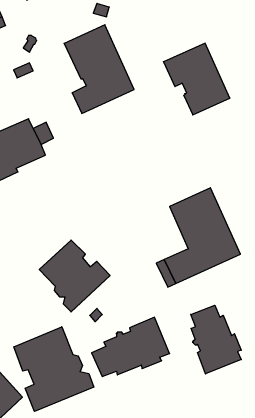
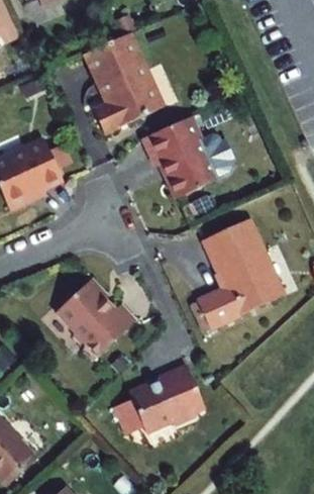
building: [163,43,230,115] -> [142,116,218,198]
building: [191,305,241,374] -> none
building: [14,327,94,411] -> none

